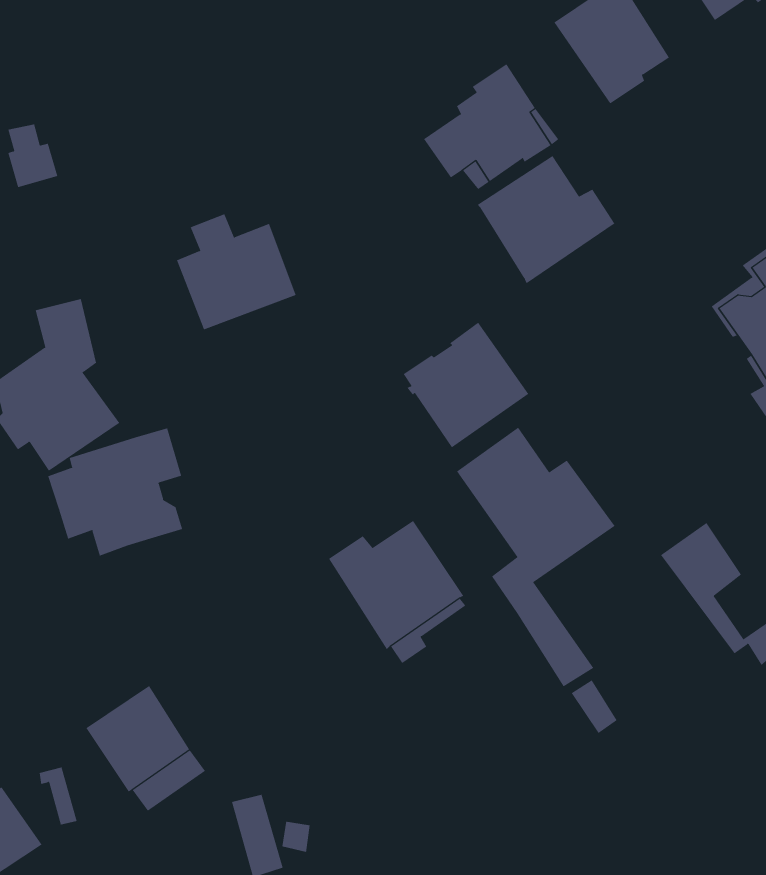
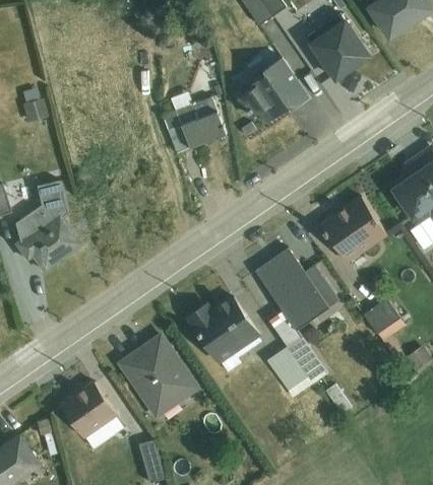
building: [477,155,615,284] -> none
building: [176,214,297,330] -> [163,91,226,152]
building: [403,322,529,448] -> [321,197,387,263]
building: [47,427,183,557] -> none
building: none -> [121,336,198,417]
building: none -> [266,345,311,397]

